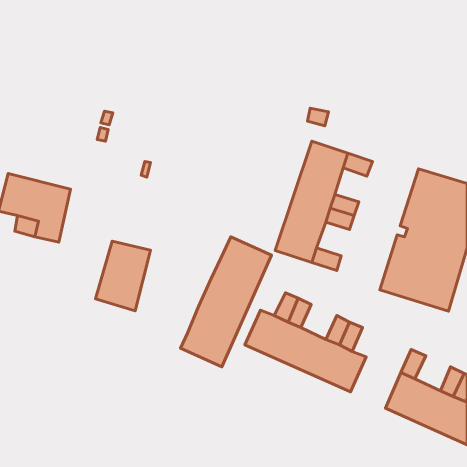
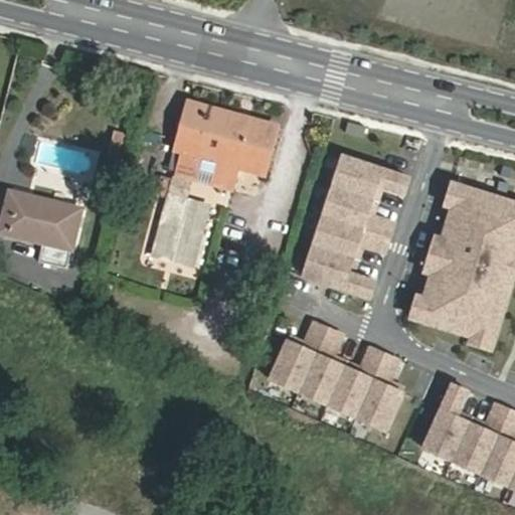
building: none -> [173,100,285,189]
building: [180,237,271,367] -> none
building: [96,241,151,311] -> [151,192,211,269]

